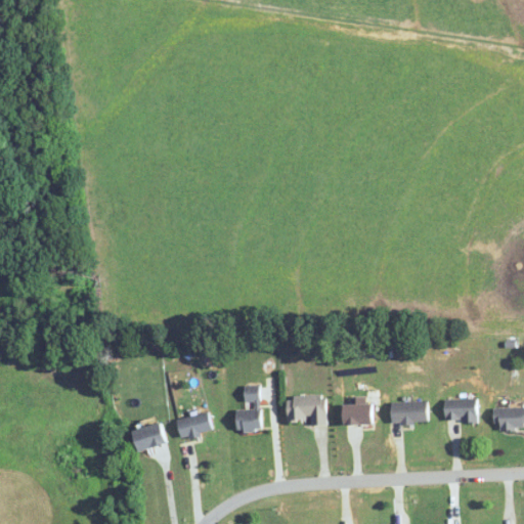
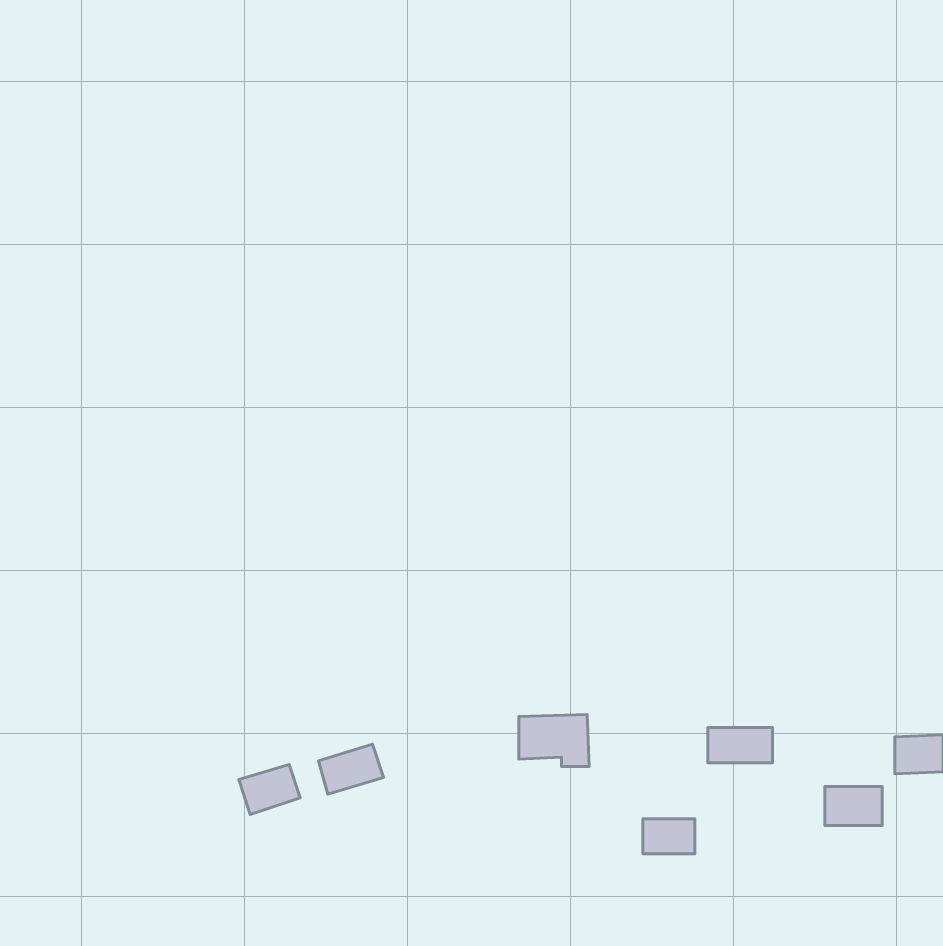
building: [236,386,259,431] -> none
building: [444,399,476,421] -> [825,787,882,826]
building: [343,403,372,423] -> [643,819,695,854]

